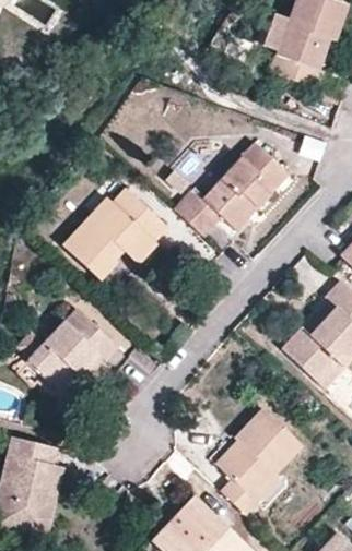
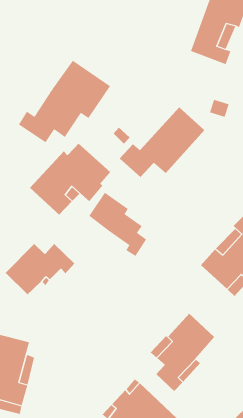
building: none -> [18,60,111,143]
building: none -> [88,192,147,257]

